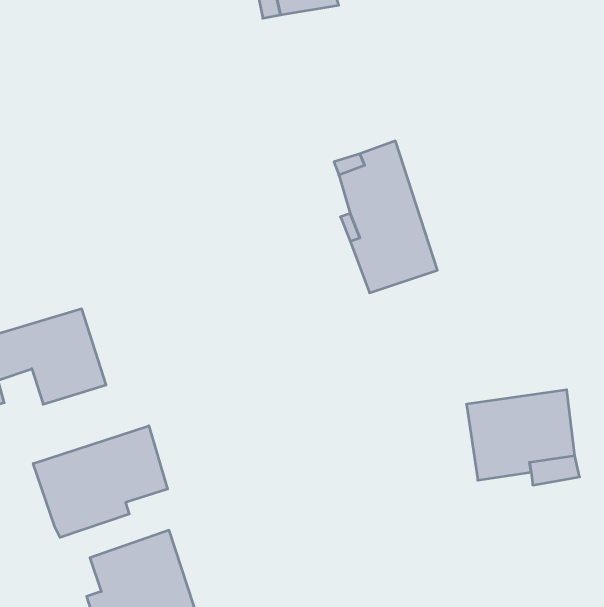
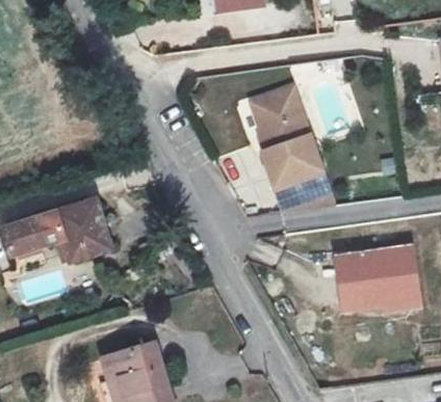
building: [33,426,168,537] -> none

